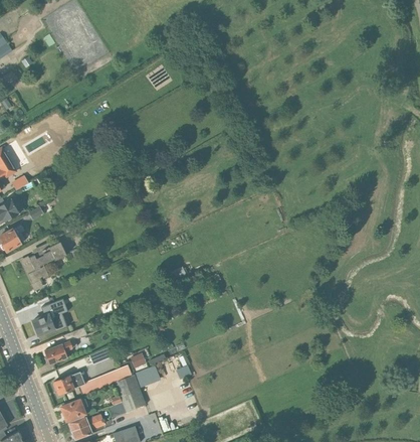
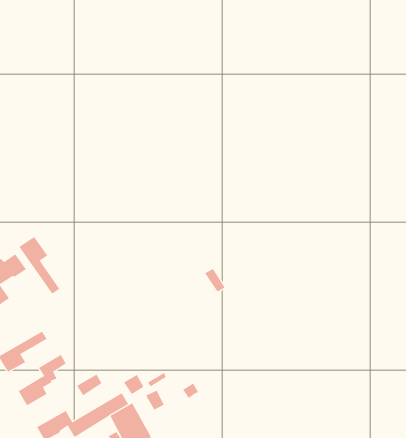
building: none -> [18,236,60,294]

